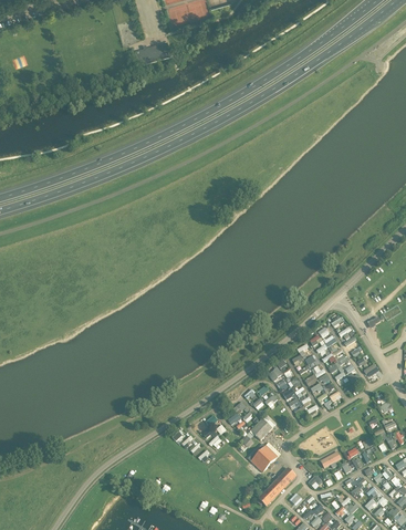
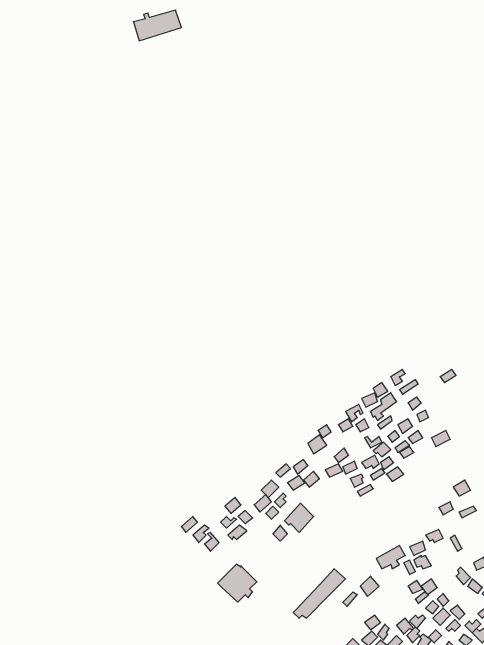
building: [249,444,279,472] -> [218,564,257,602]

